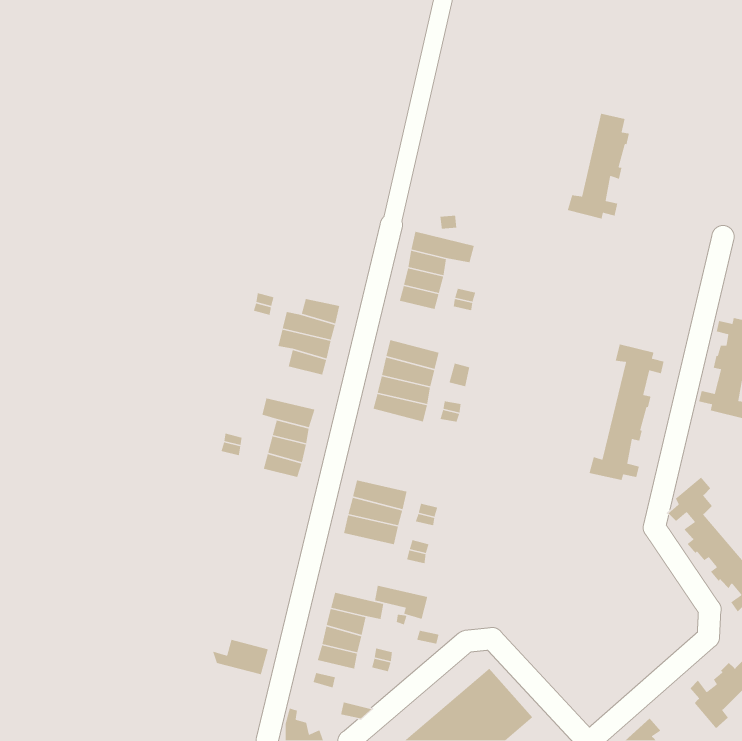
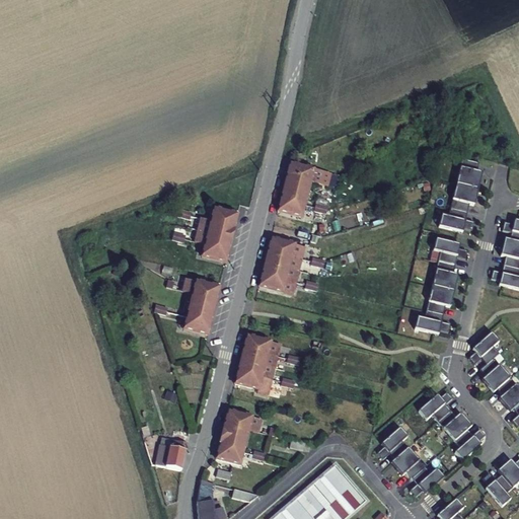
building: [567,113,630,219] -> [436,158,479,232]
building: none -> [417,389,483,459]
building: [374,585,428,620] -> [239,370,277,394]
building: none -> [375,425,442,495]

